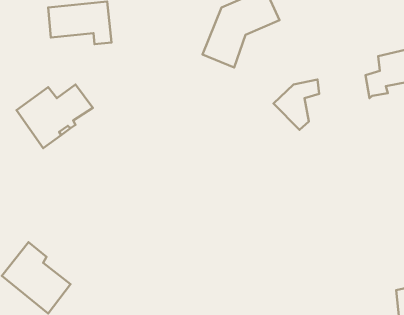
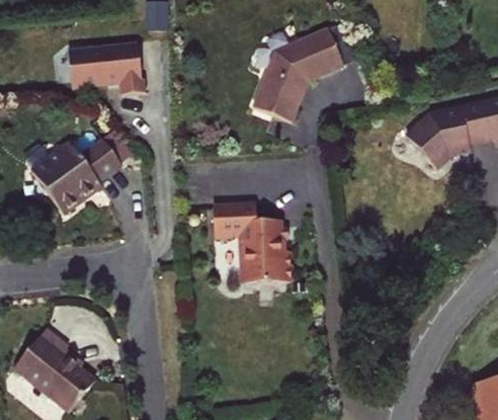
building: [274,79,319,130] -> [407,107,461,167]
building: none -> [212,203,290,282]

